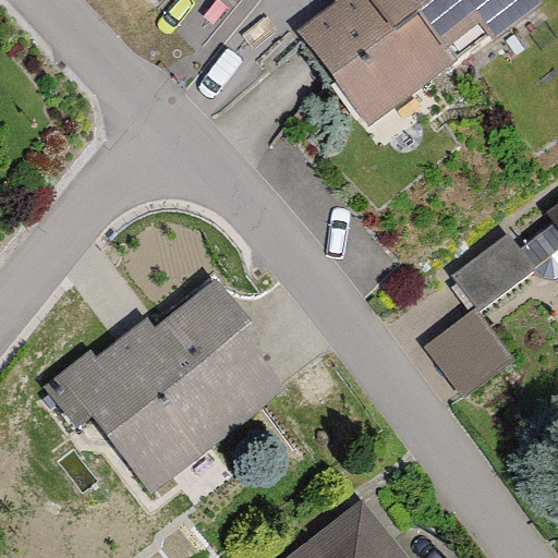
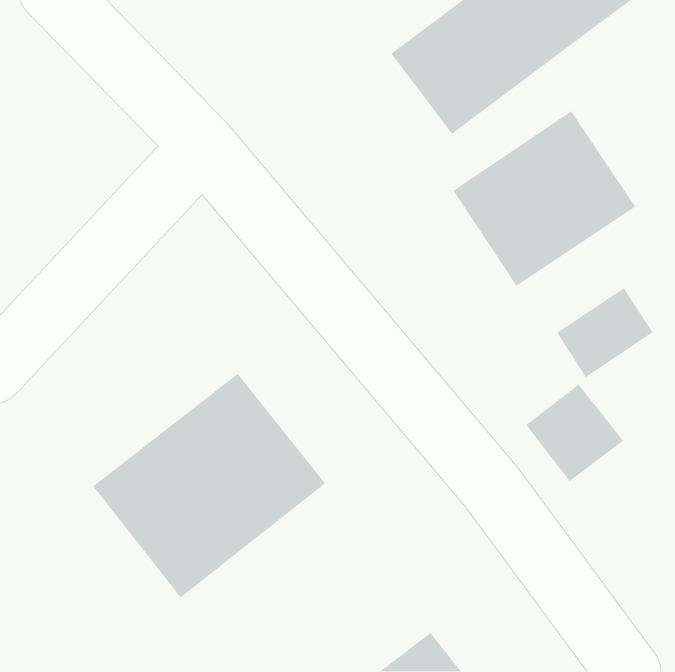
building: none -> [452,110,636,287]

